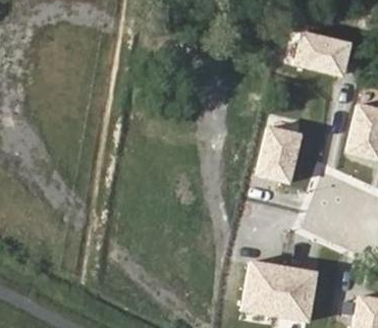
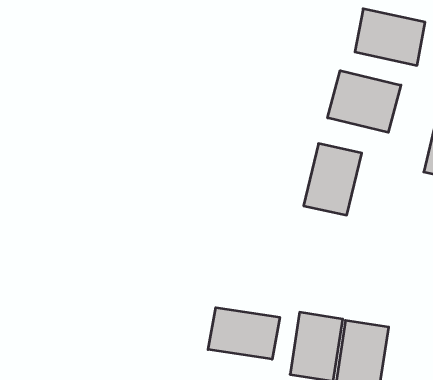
building: none -> [328,71,401,132]
building: none -> [208,308,280,359]

